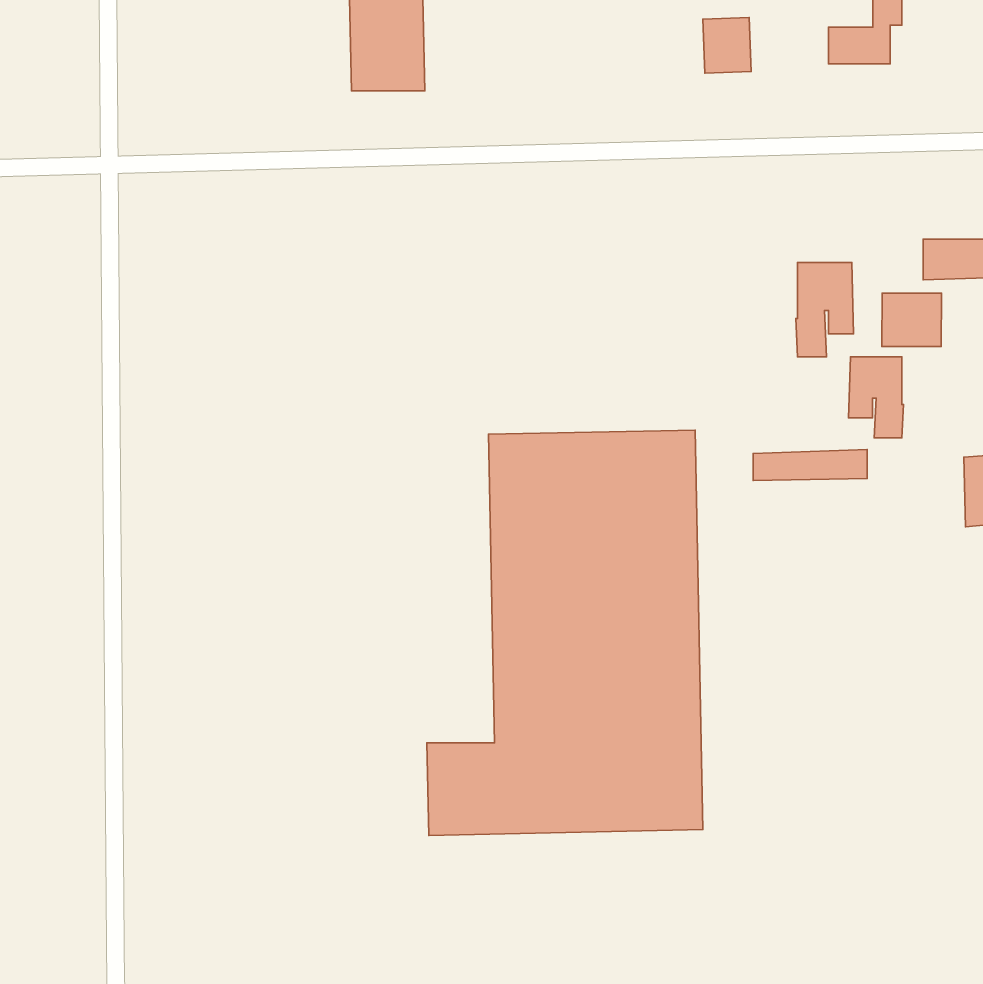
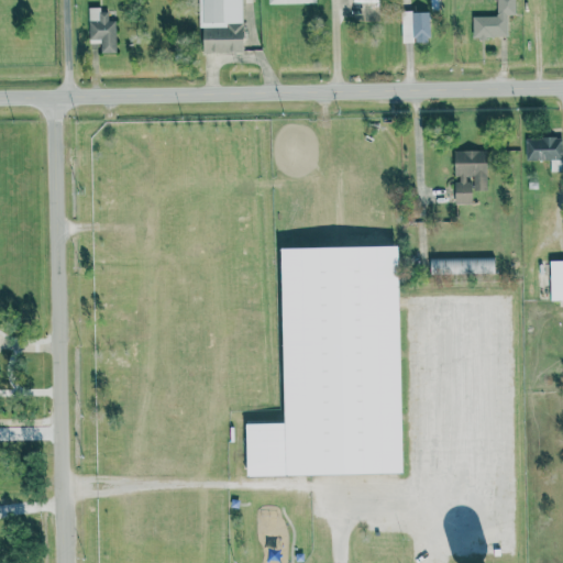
building: none -> [89,8,118,52]
building: [882,293,942,347] -> none
building: [849,357,904,438] -> none

